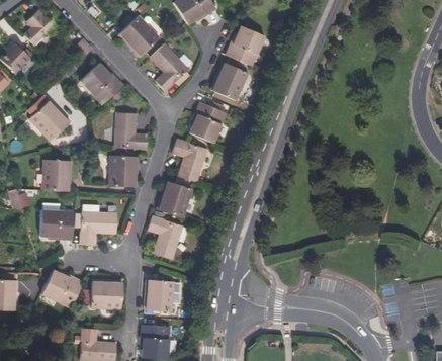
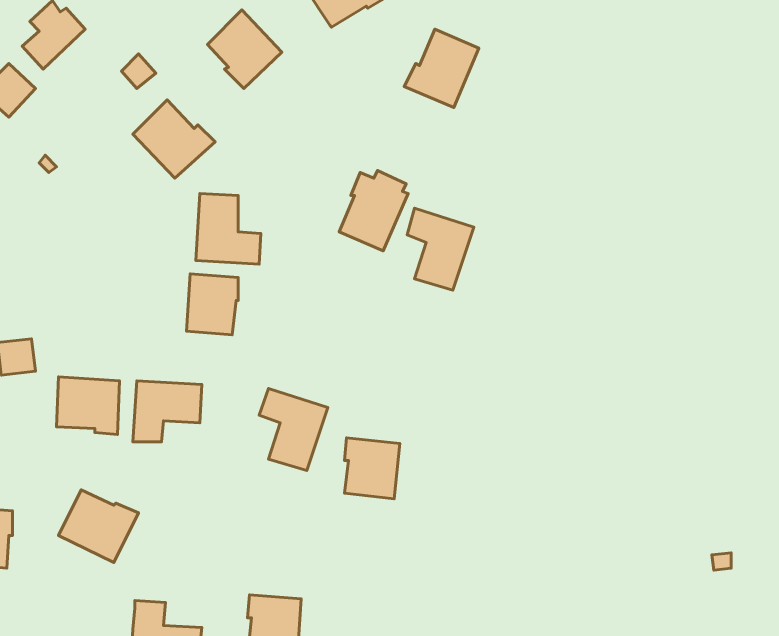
building: [150,42,188,90] -> none
building: [211,63,248,100] -> none
building: [29,100,69,141] -> none
building: [173,139,208,182] -> [407,208,474,290]
building: [42,159,70,191] -> none
building: [158,181,193,217] -> none
building: [146,279,175,311] -> [345,438,400,499]
building: [92,282,122,309] -> none

